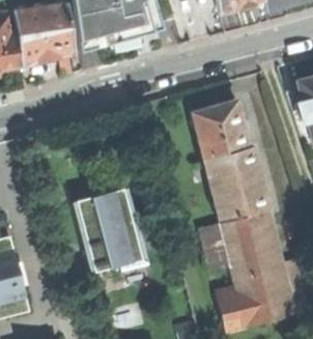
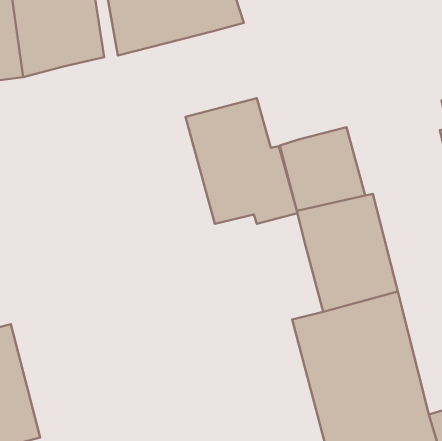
building: [75,185,149,269] -> [185,98,297,224]

